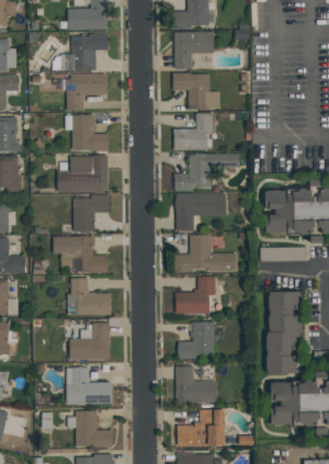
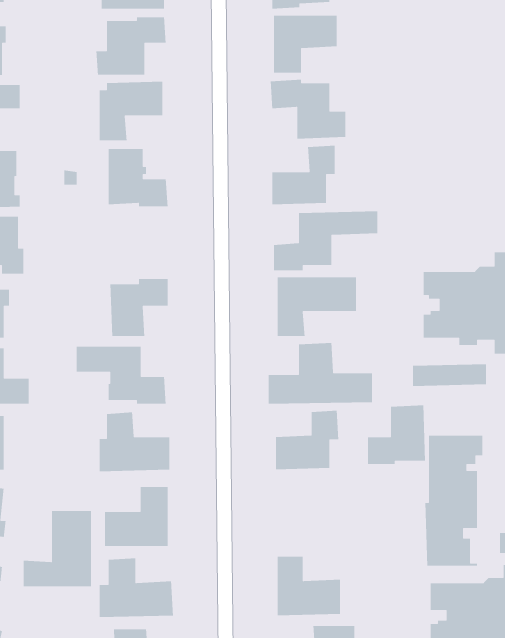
building: [58,156,107,193] -> none
building: [179,321,215,359] -> [367,404,426,465]
building: none -> [23,510,92,587]

